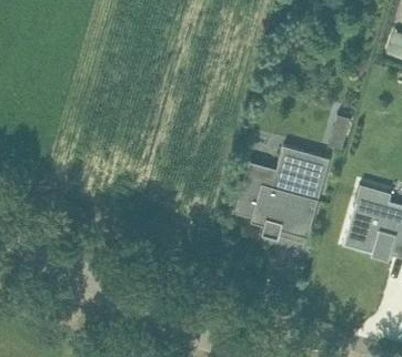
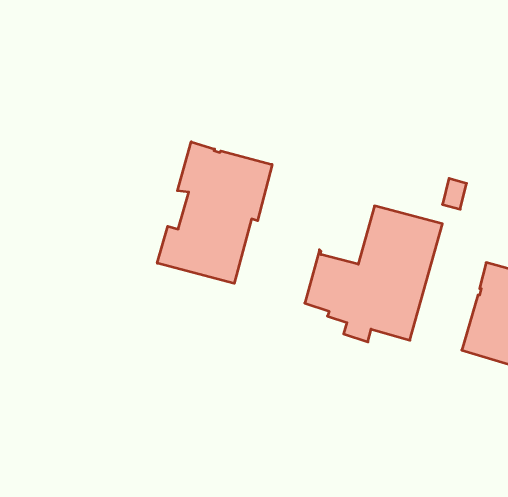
building: none -> [157,142,272,283]

